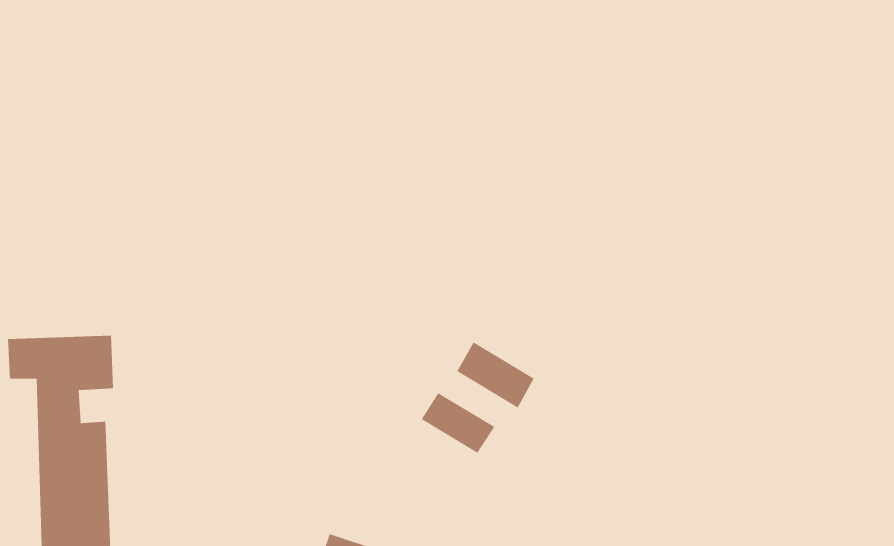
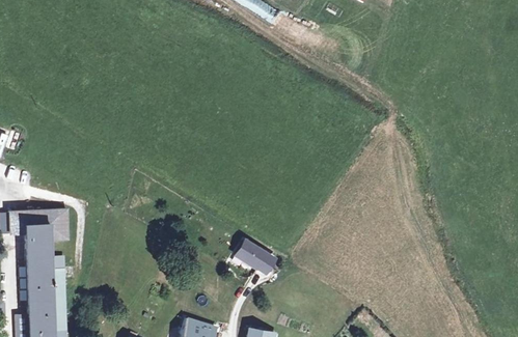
building: [457,342,535,408] -> none

